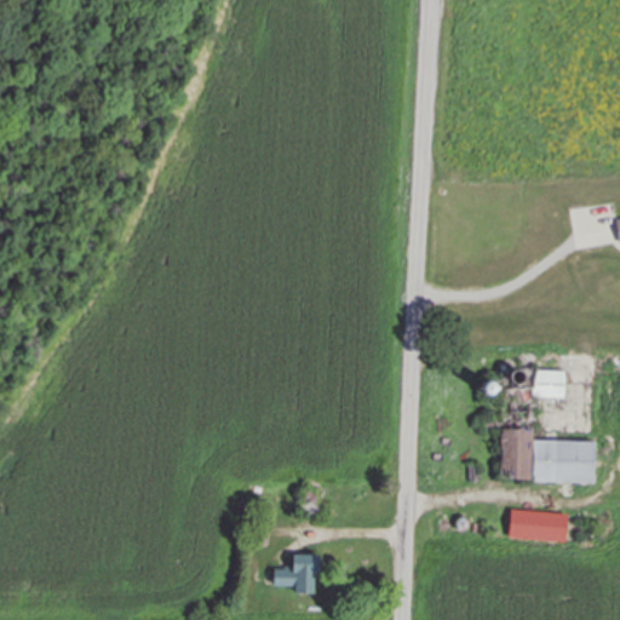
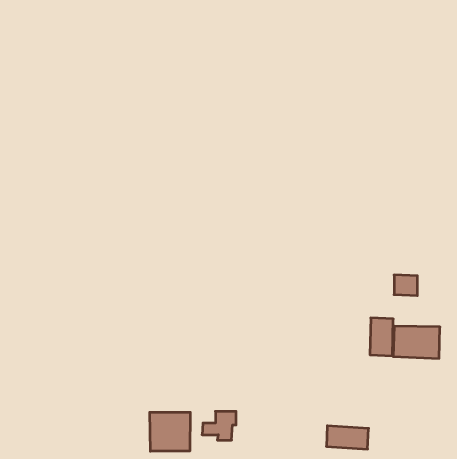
building: [510,510,567,541] -> [326,426,369,449]
building: none -> [150,412,190,451]

